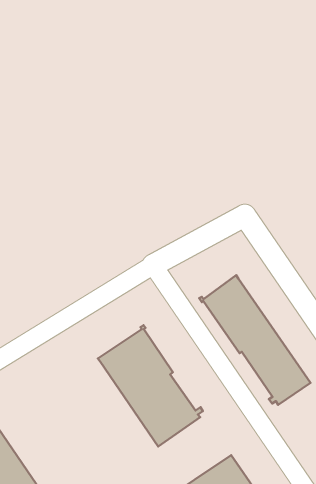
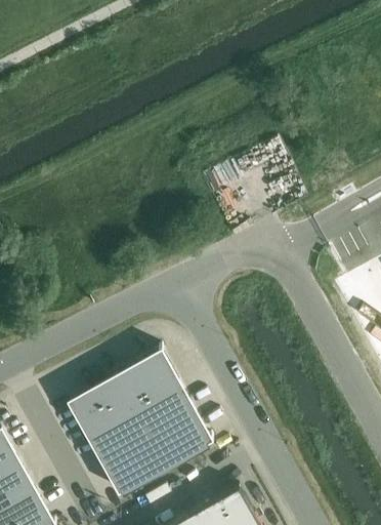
building: [199,275,310,405] -> none
building: none -> [71,380,165,495]

